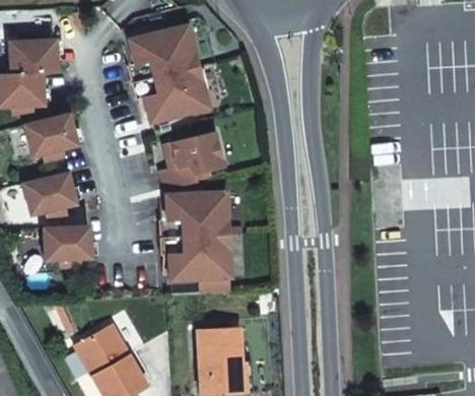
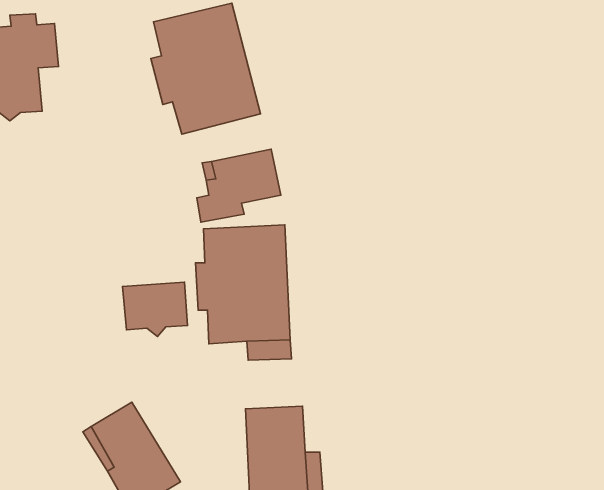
building: [24,114,77,157] -> none
building: [23,173,76,216] -> none
building: [44,225,92,266] -> [122,282,187,336]

